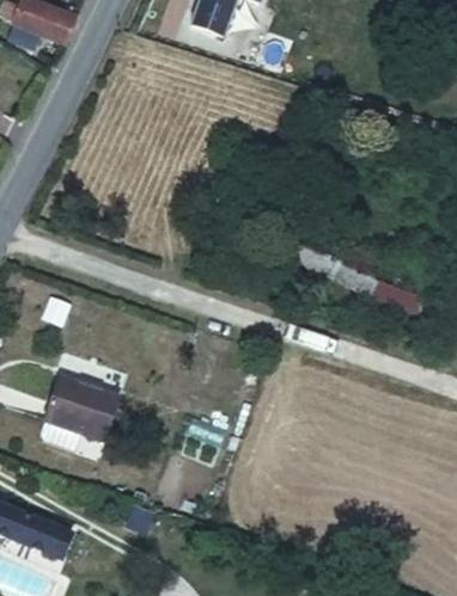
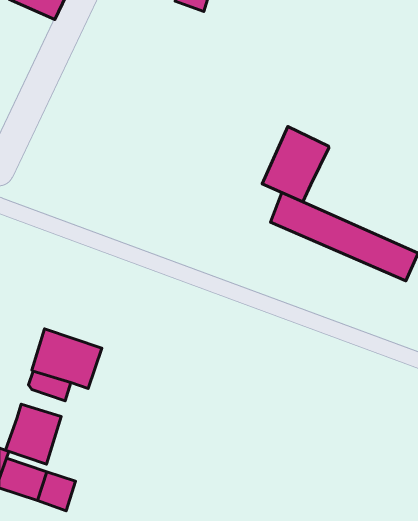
building: none -> [262,126,329,202]
building: none -> [6,404,61,464]

